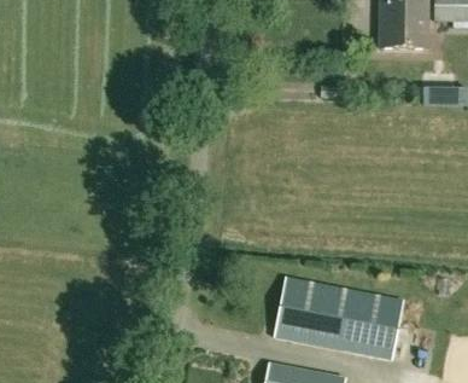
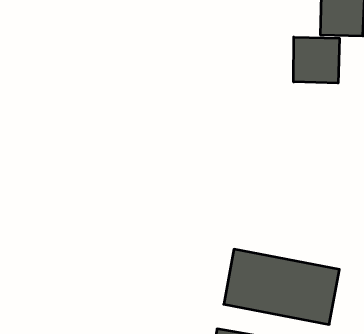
building: none -> [294,37,339,83]

